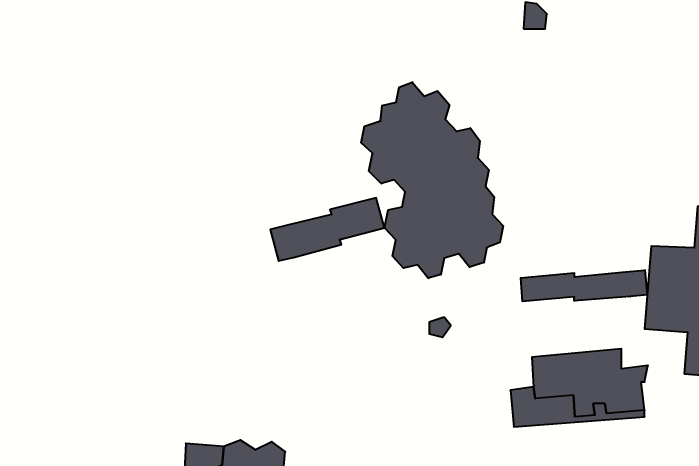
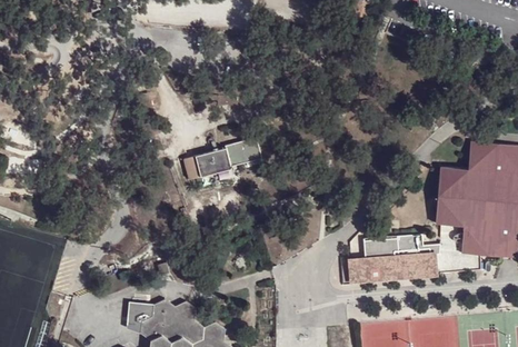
building: [361,82,503,278] -> none
building: [521,270,647,301] -> none

